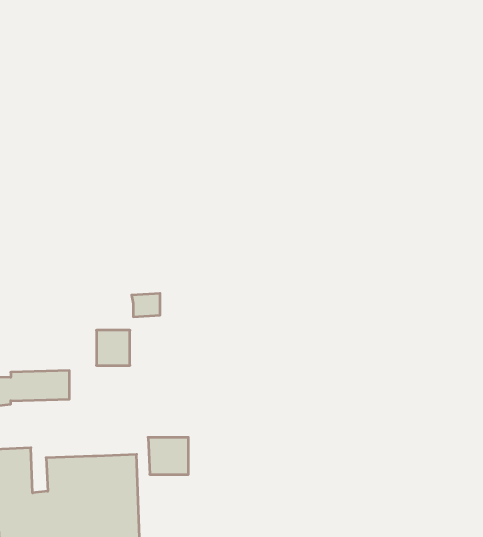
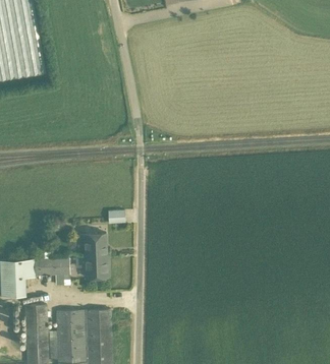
building: [148,437,188,474] -> [85,255,109,278]

